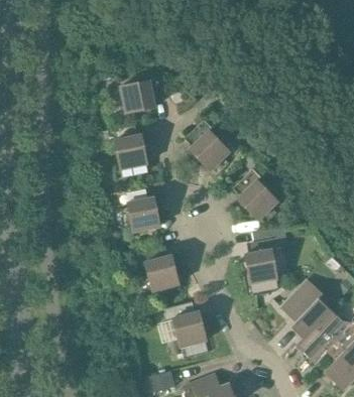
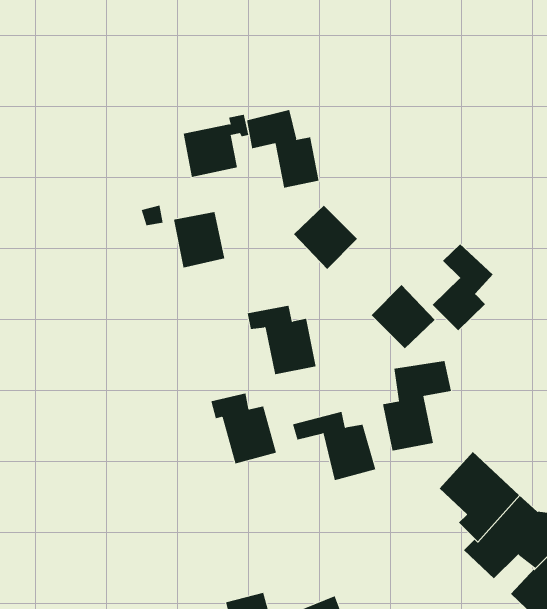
building: none -> [246,109,319,189]
building: none -> [432,243,494,331]
building: [117,189,160,233] -> [247,305,317,375]
building: [154,304,207,348] -> [292,411,376,481]

